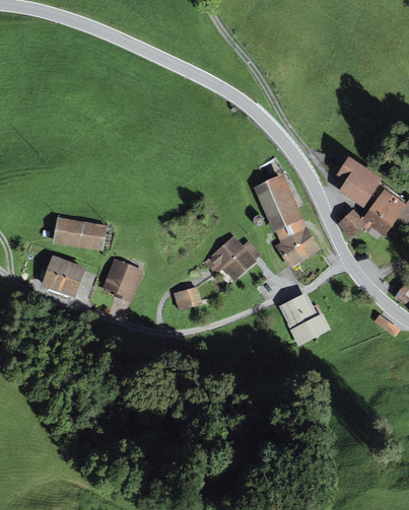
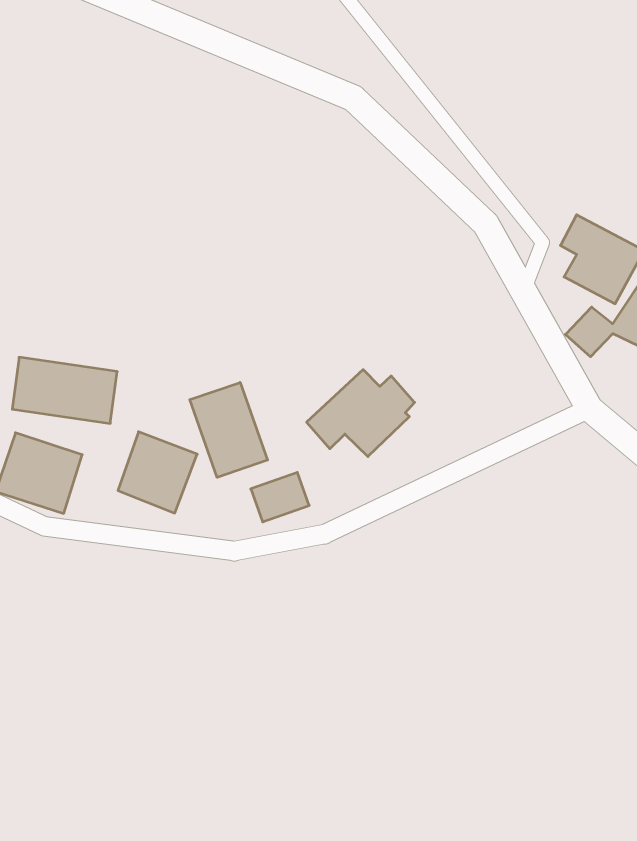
building: [255,174,321,267] -> none
building: none -> [190,382,268,477]
building: [280,292,330,347] -> none

